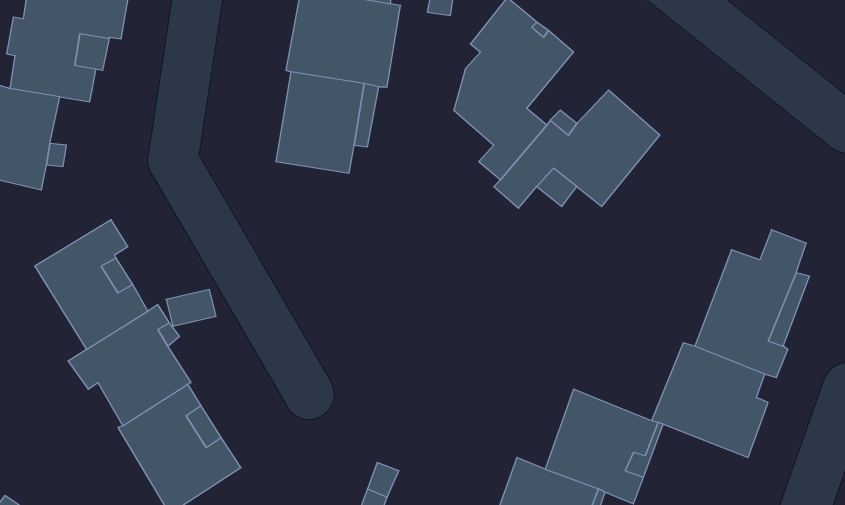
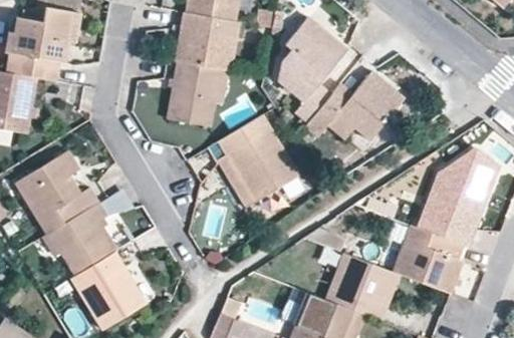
building: none -> [214,114,296,210]

